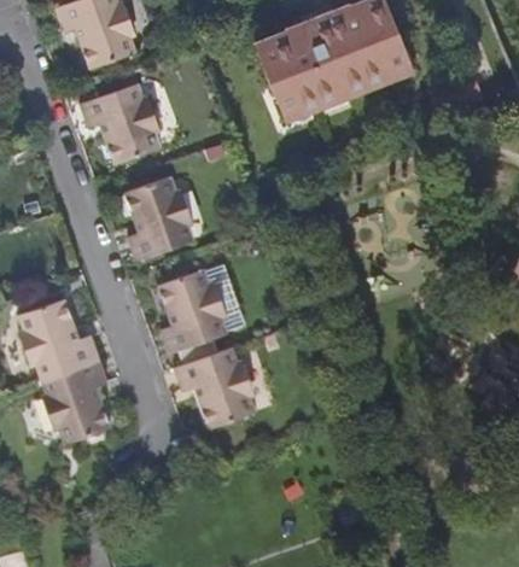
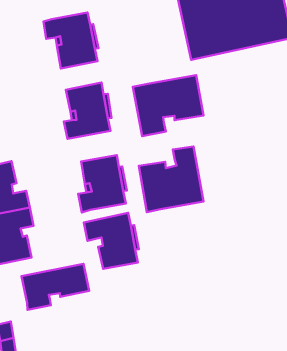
building: none -> [133,75,203,136]
building: none -> [139,146,204,212]
building: none -> [22,264,89,310]

